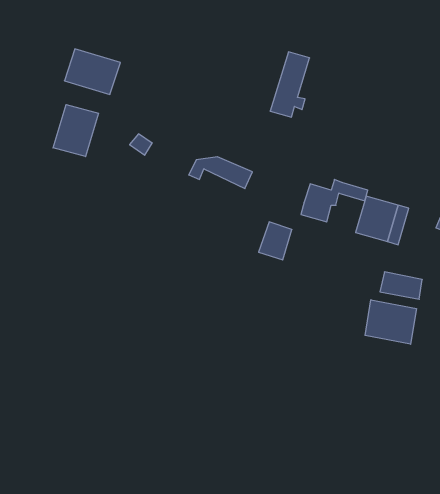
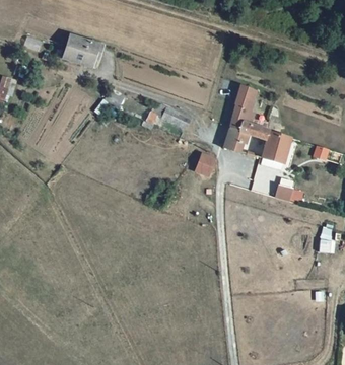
building: [270,52,310,117] -> [228,86,255,130]
building: [53,105,99,157] -> none
building: [365,300,416,344] -> none

